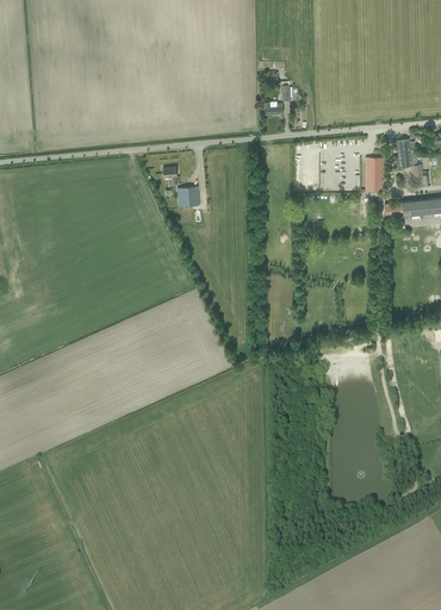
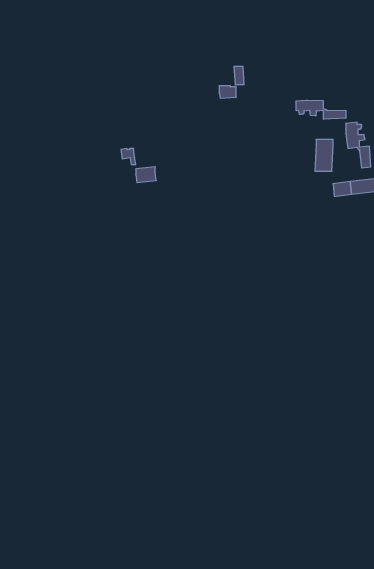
building: none -> [296,100,346,119]

